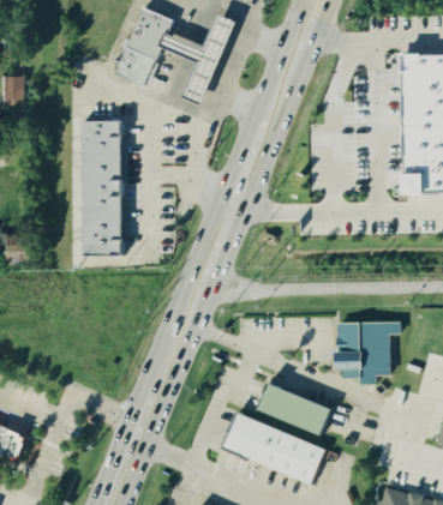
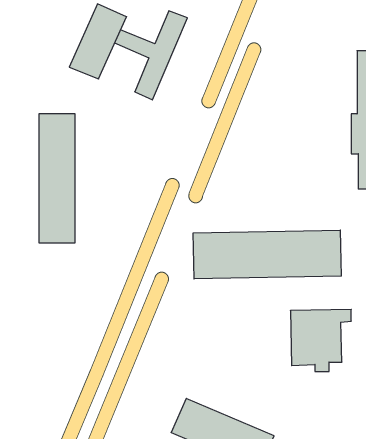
building: none -> [193,230,341,279]
building: [258,385,330,434] -> none

